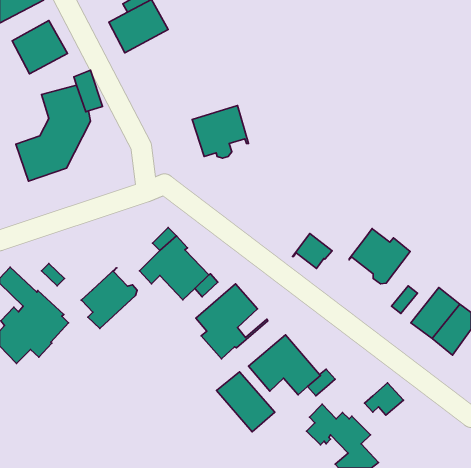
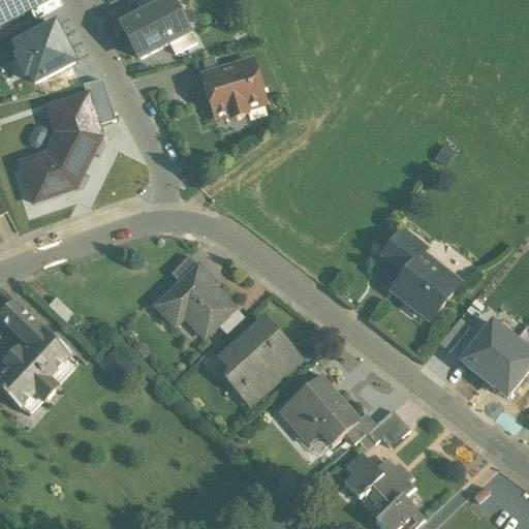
building: [192,105,248,158] -> [201,59,264,118]
building: [292,233,332,269] -> [381,227,426,267]
building: [81,268,137,329] -> none
building: [216,372,275,432] -> none
building: [365,383,403,415] -> [366,409,409,445]

